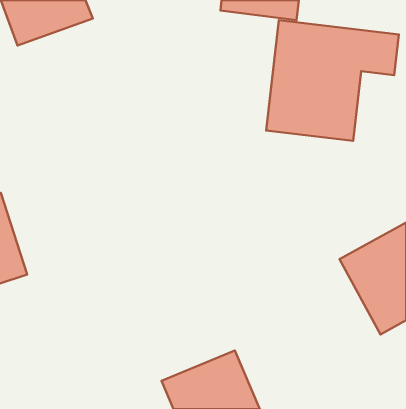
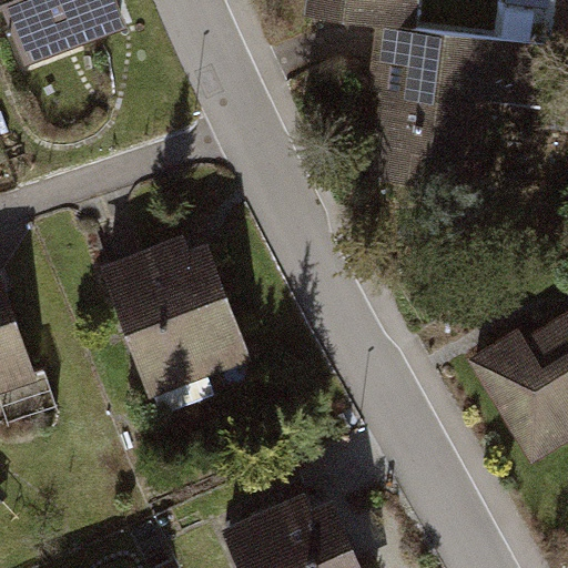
building: none -> [101,232,248,397]

